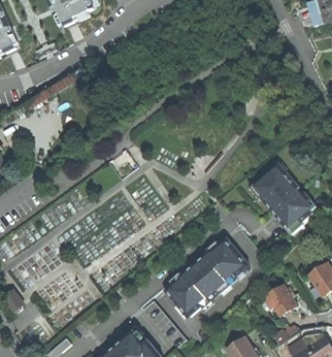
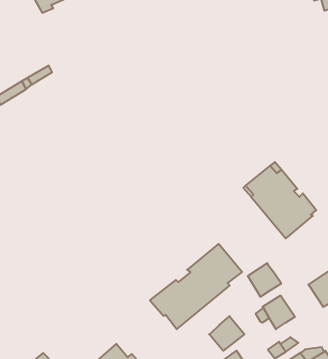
building: none -> [248,263,281,297]
building: none -> [209,316,244,351]

